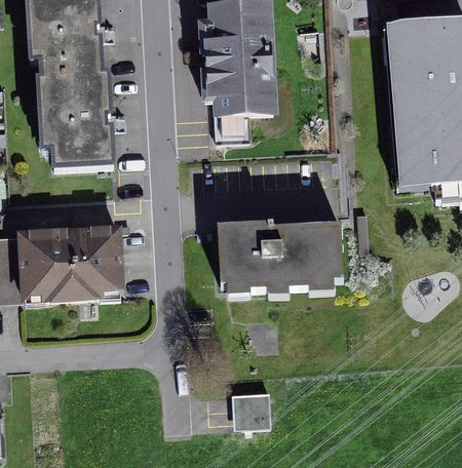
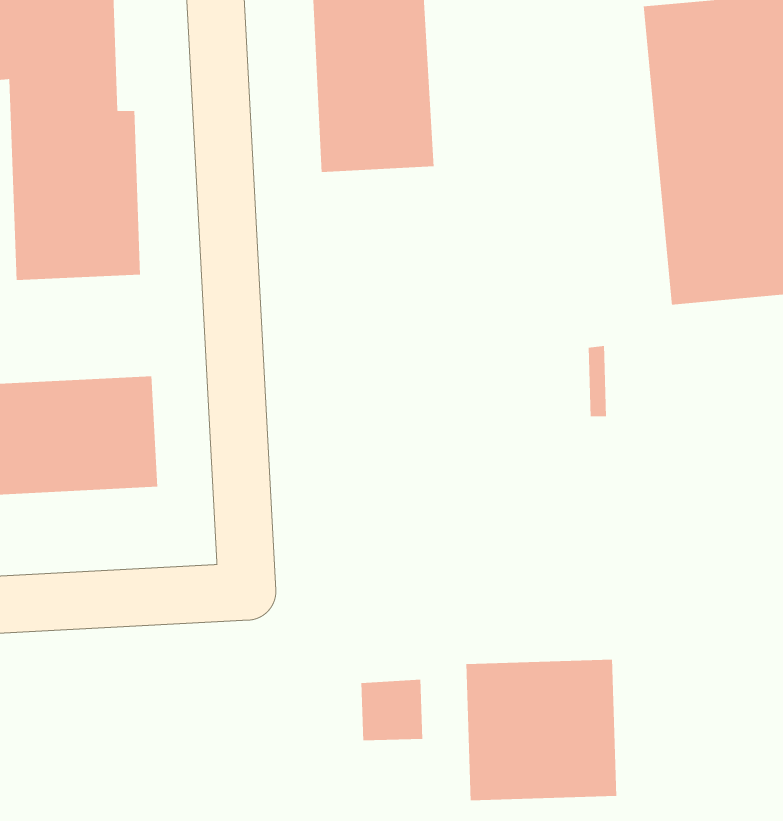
building: [217,218,338,295] -> none
building: none -> [466,659,617,801]

